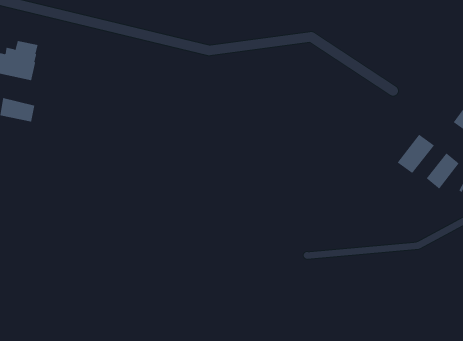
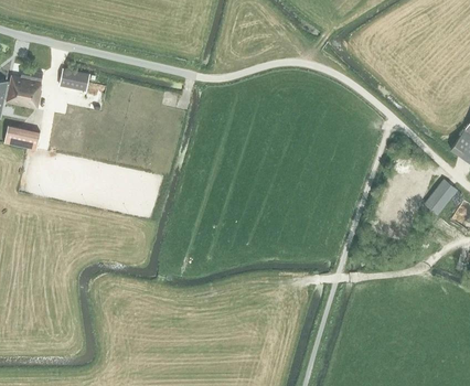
building: none -> [61,68,90,90]
building: [397,134,435,174] -> none

